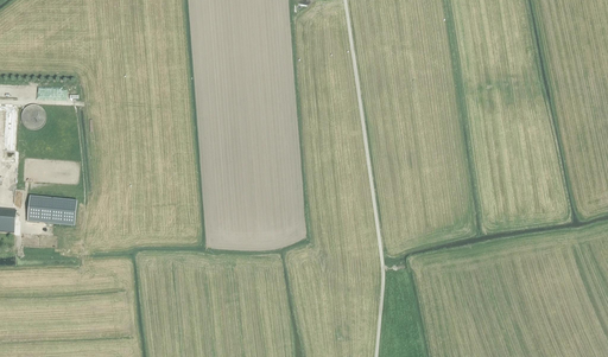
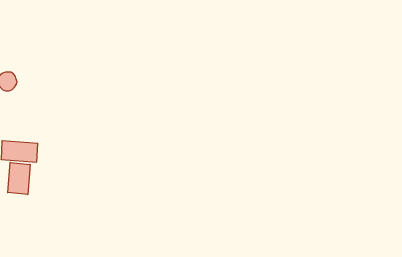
building: none -> [8,162,30,195]

